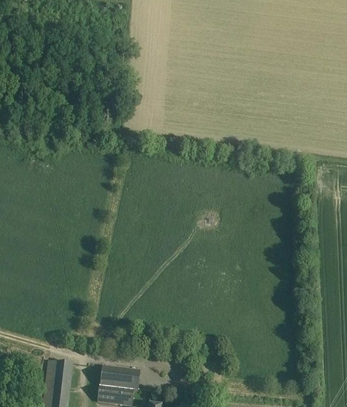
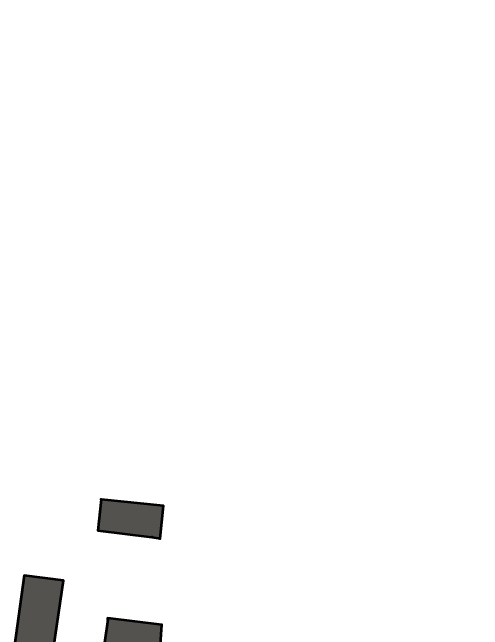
building: [98,368,138,392] -> [98,499,163,539]

